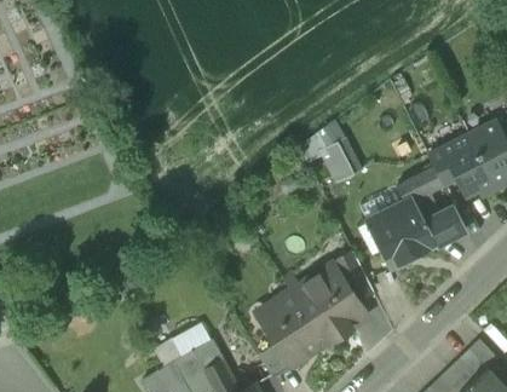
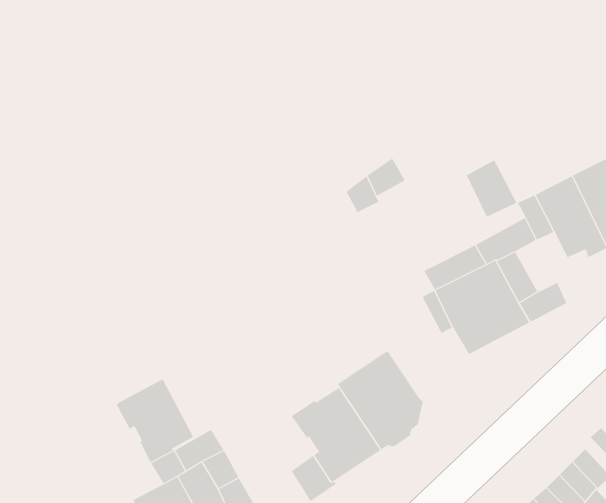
building: [323,138,362,181] -> [465,159,517,218]
building: [332,250,373,301] -> none
building: none -> [116,378,194,463]

